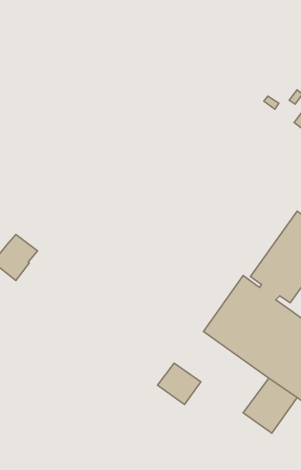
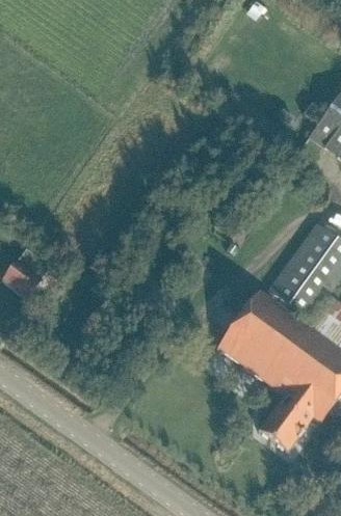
building: [158,363,201,405] -> none

